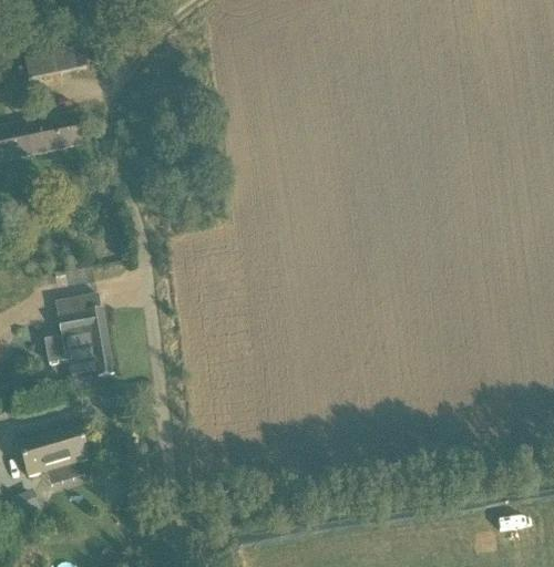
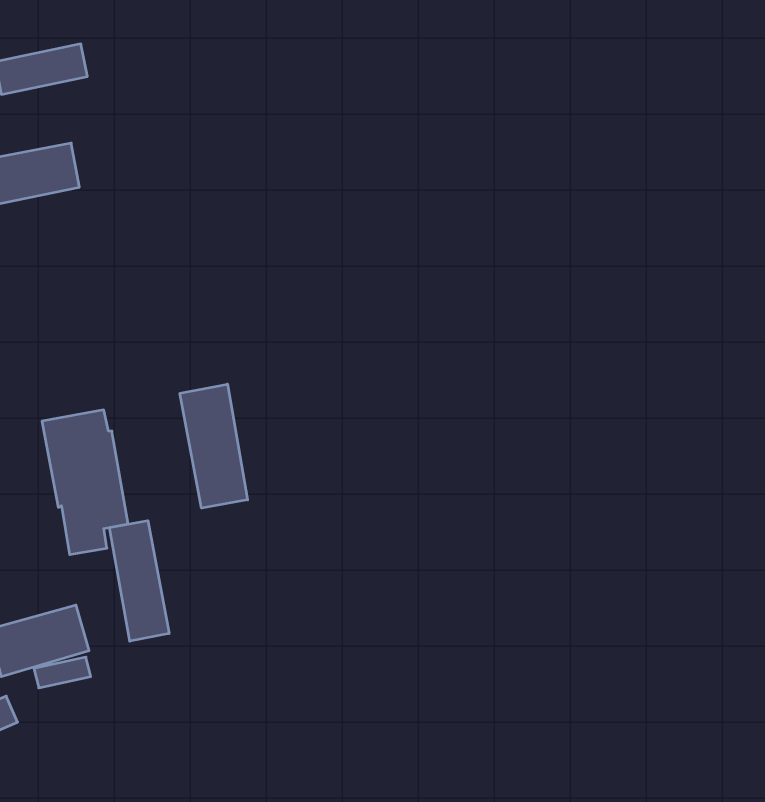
building: none -> [180,384,248,508]
building: none -> [110,521,169,641]

